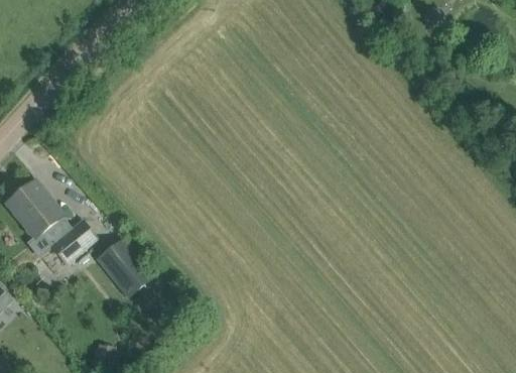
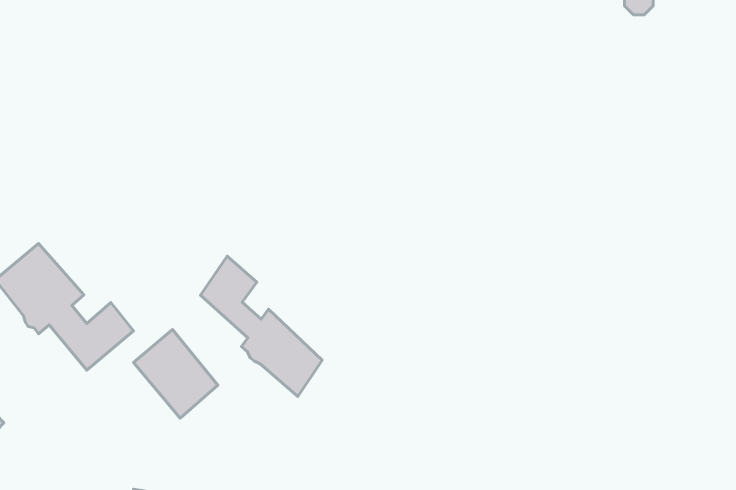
building: none -> [201,256,322,396]

